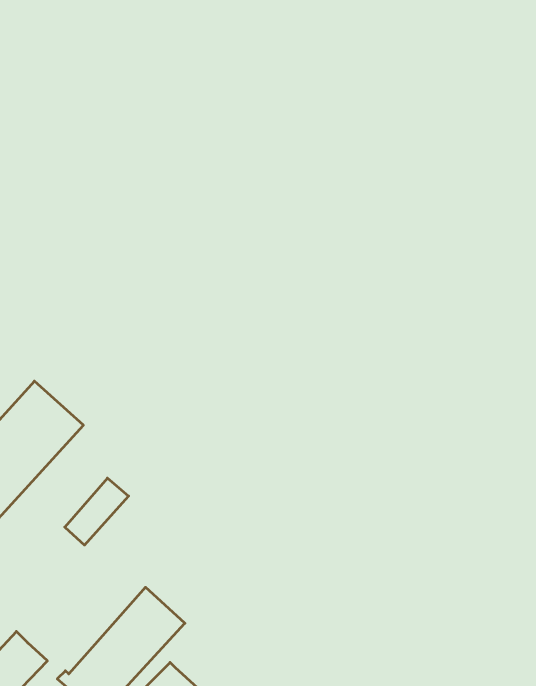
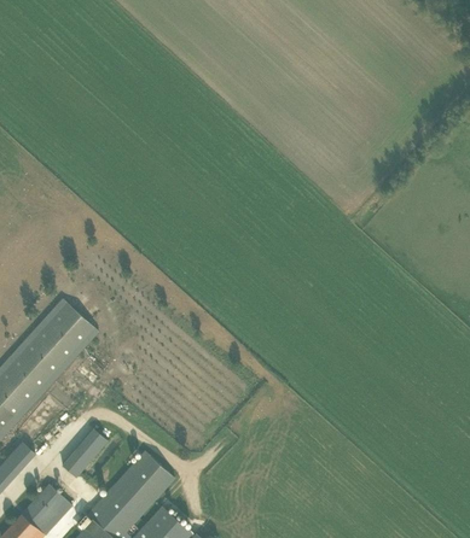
building: [65,478,129,545] -> [62,427,109,476]

